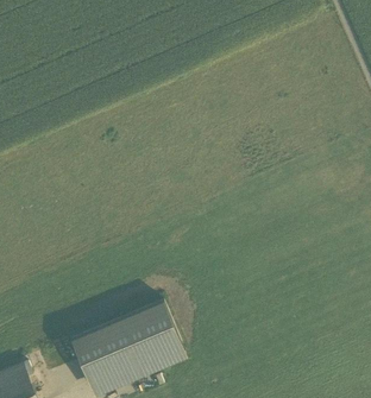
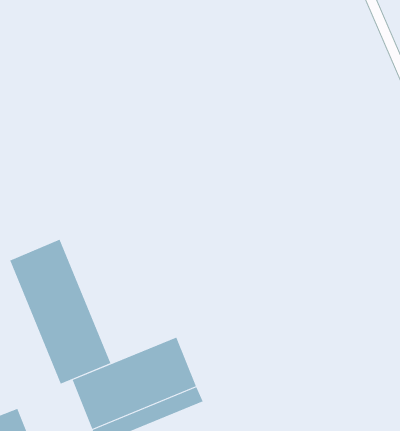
building: none -> [9,239,111,385]

